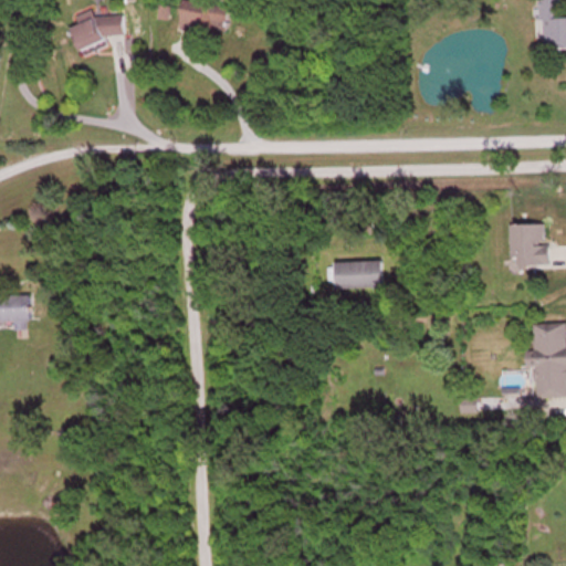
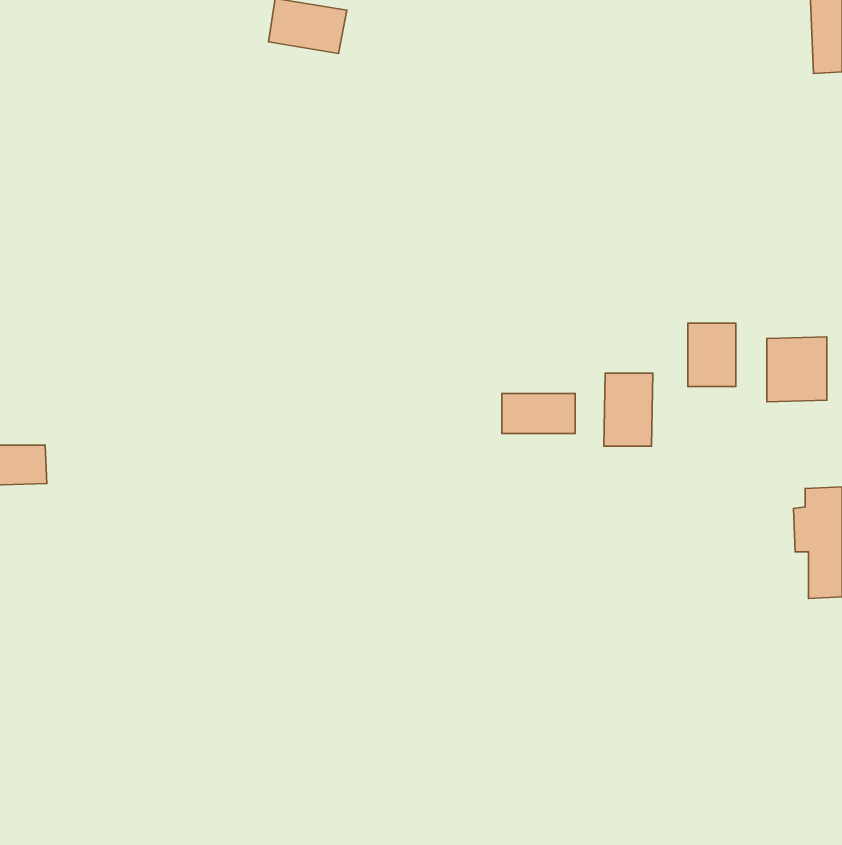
building: [72,11,125,46] -> none
building: none -> [688,323,736,386]
building: none -> [604,373,653,446]

